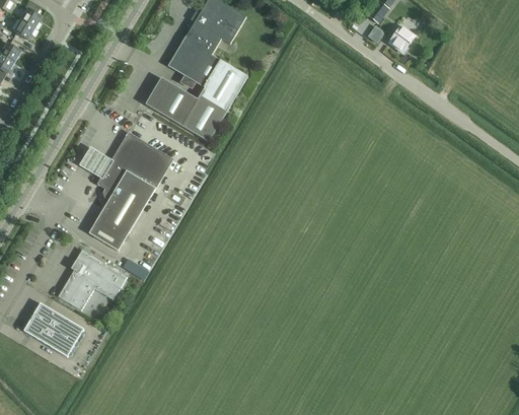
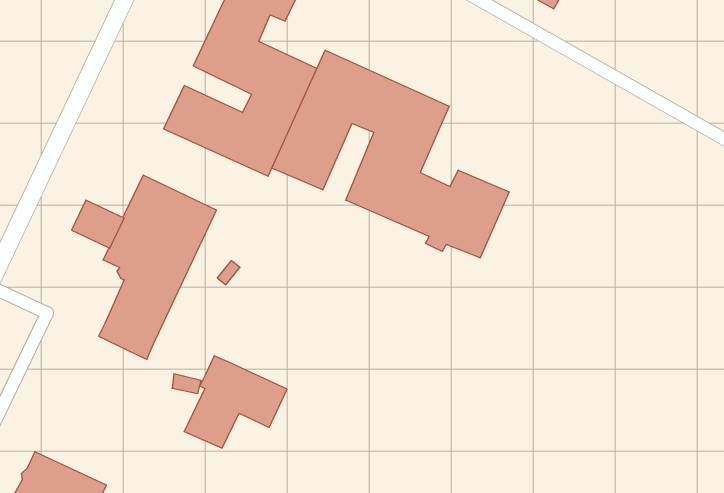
building: none -> [272,50,509,258]
building: [58,250,127,309] -> [184,356,287,448]

